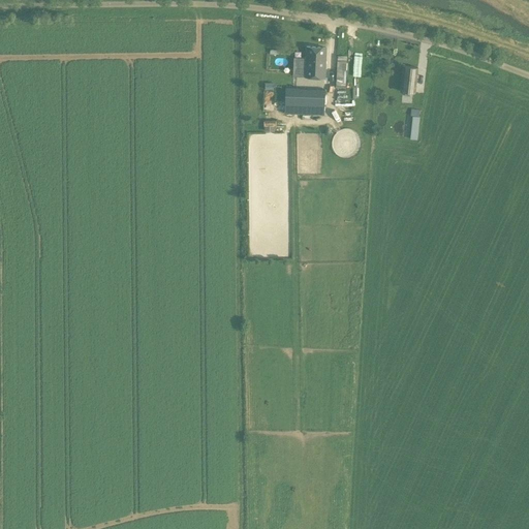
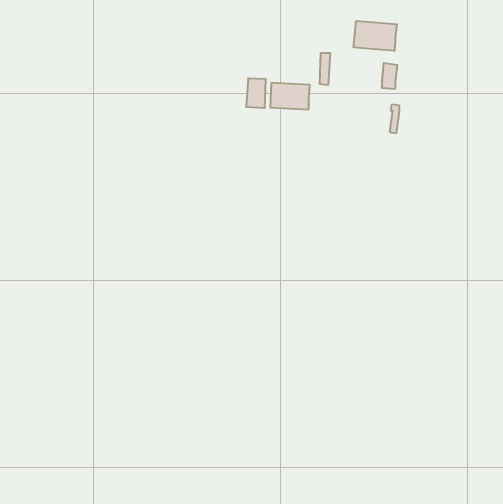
building: none -> [354,21,397,51]
building: [304,46,324,77] -> [246,78,266,108]

